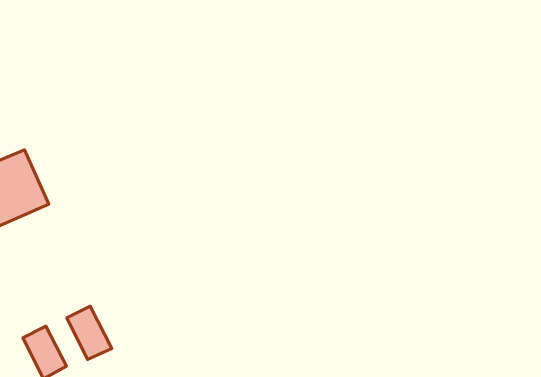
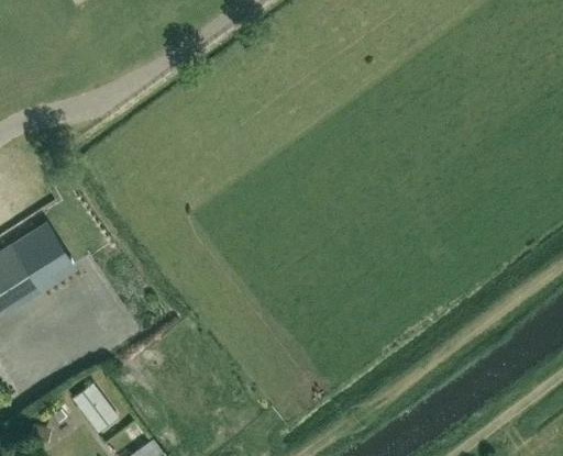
building: [67,306,112,360] -> none

